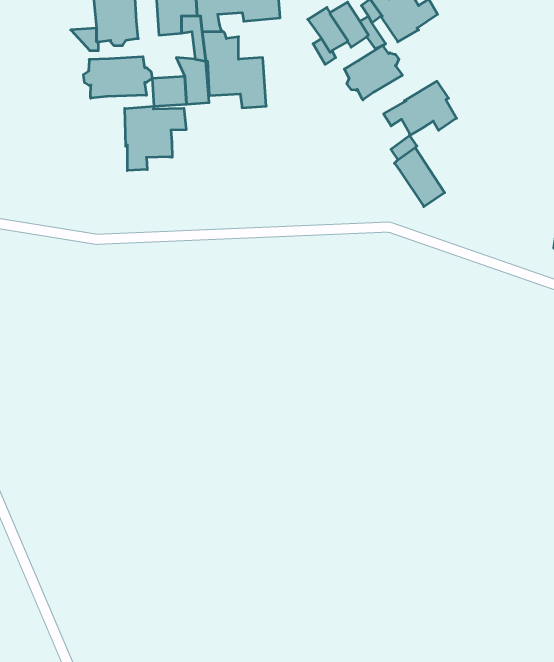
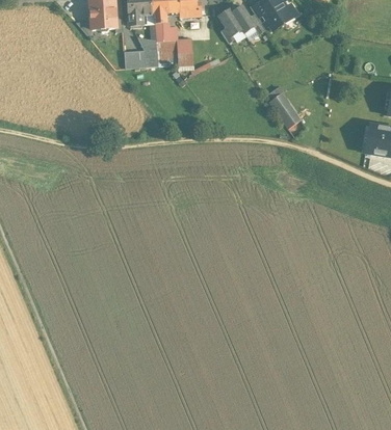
building: [344,45,402,100] -> none
building: [83,57,152,98] -> none
building: [384,81,457,135] -> none
building: [125,106,186,171] -> none

